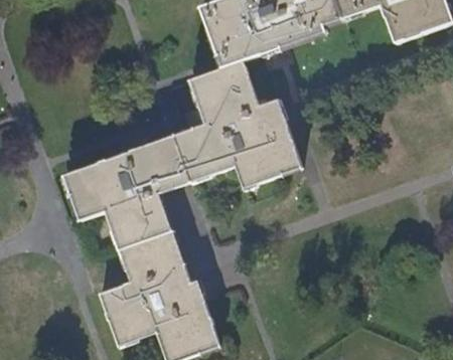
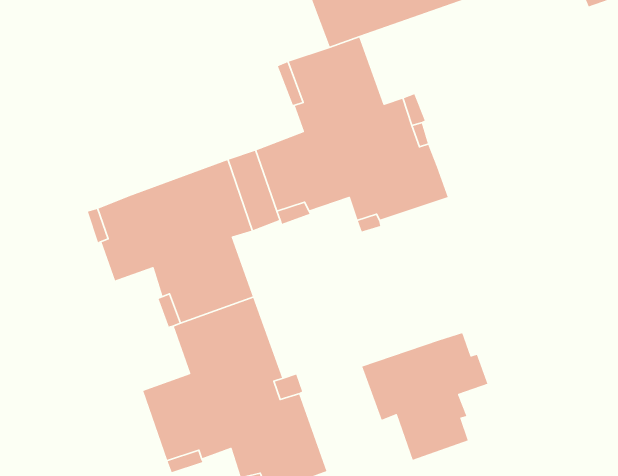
building: none -> [361,332,488,461]

